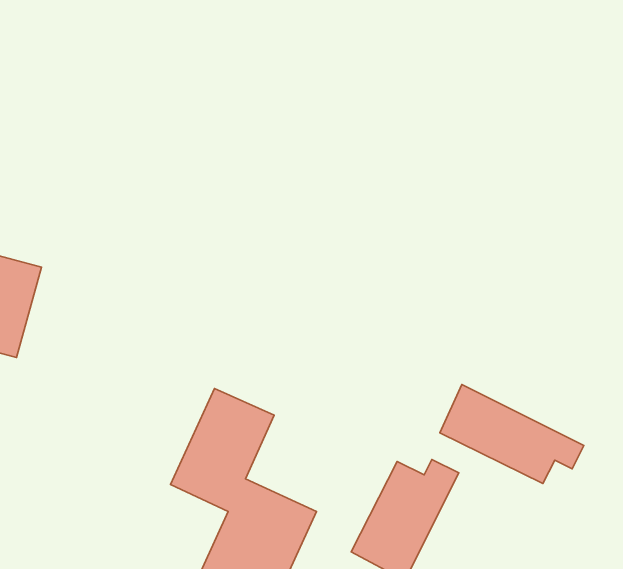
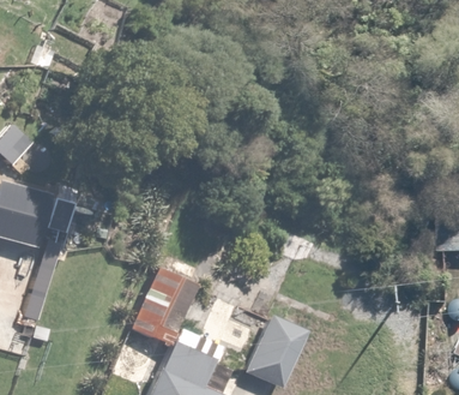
building: [440,384,584,484] -> none

